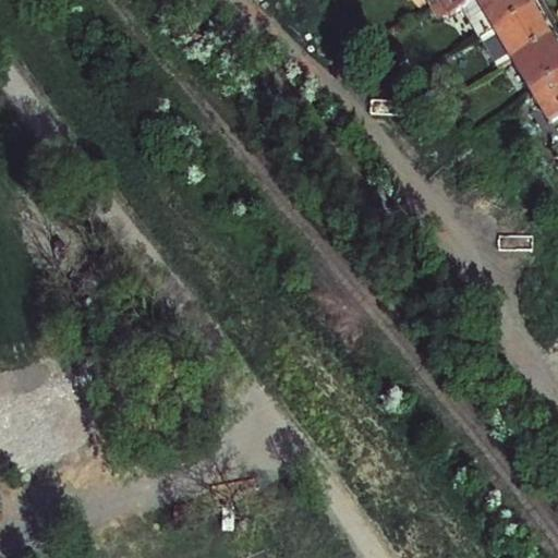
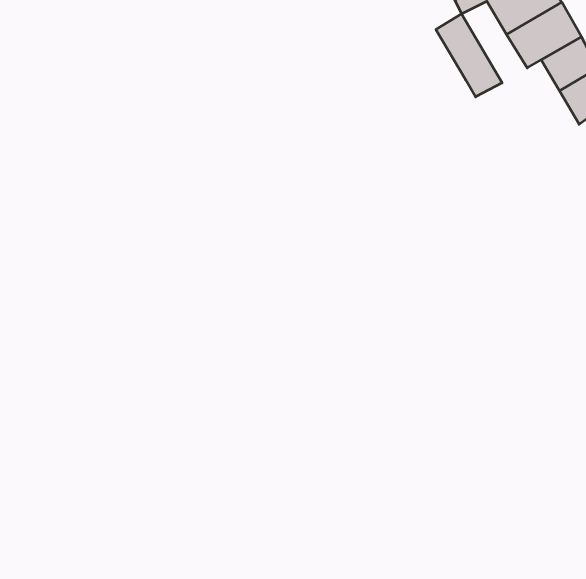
building: none -> [436,14,502,97]

